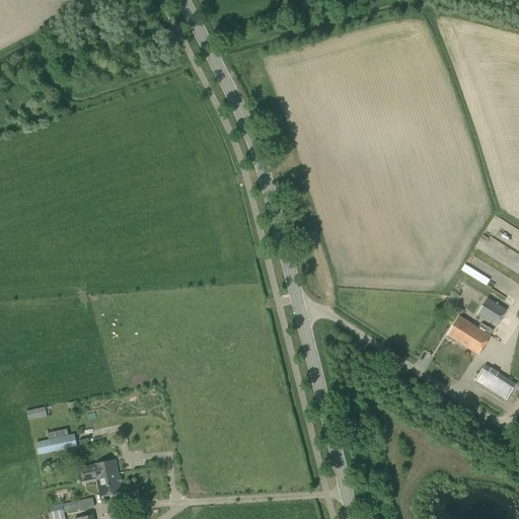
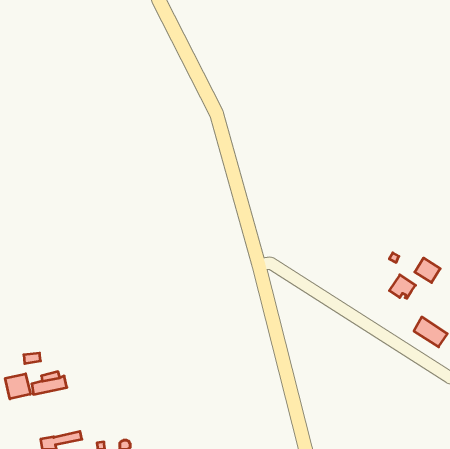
building: [460,322,494,354] -> none
building: none -> [5,374,30,399]
building: [81,459,123,495] -> none

